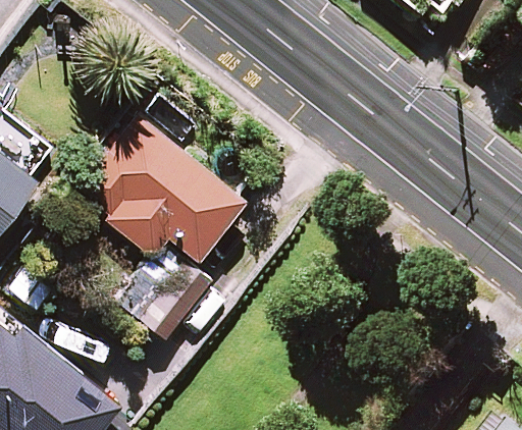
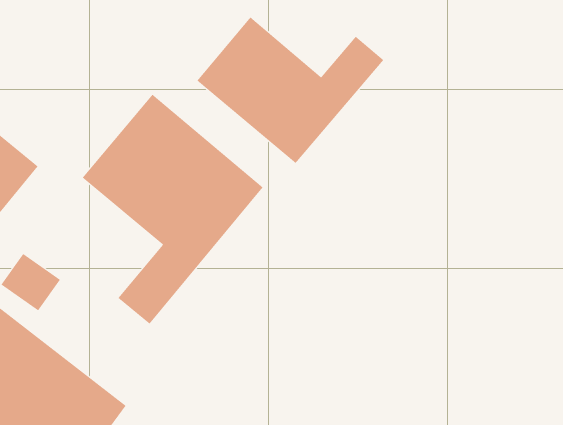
building: none -> [196,17,384,164]

